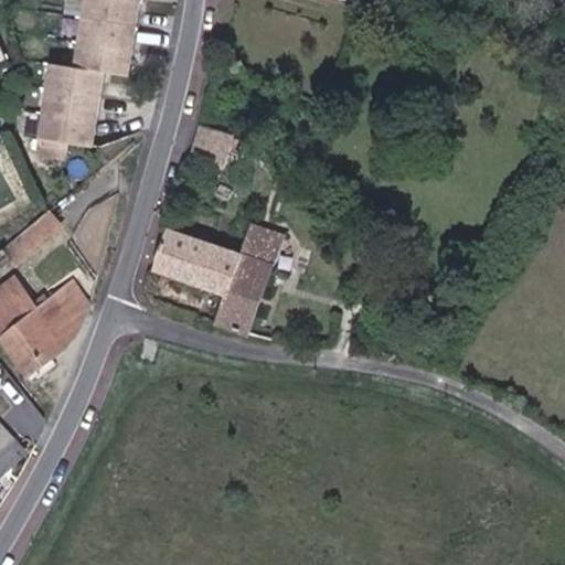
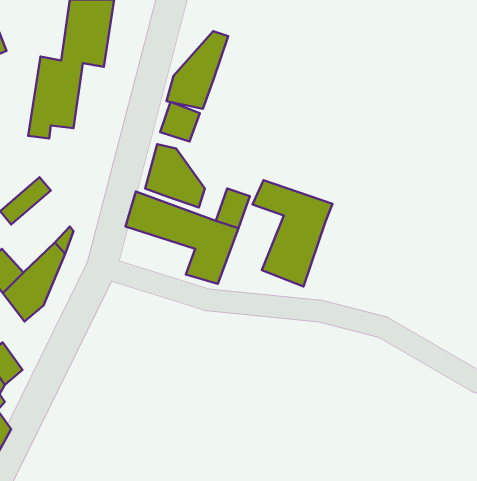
building: none -> [167,31,228,109]
building: none -> [145,144,205,208]
building: none -> [253,180,333,286]

